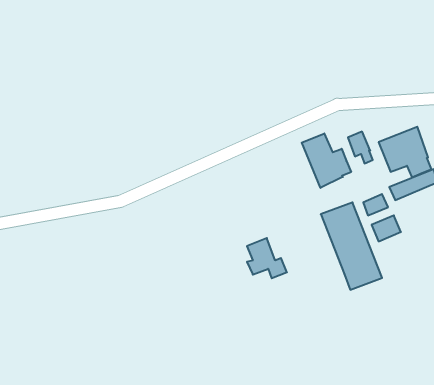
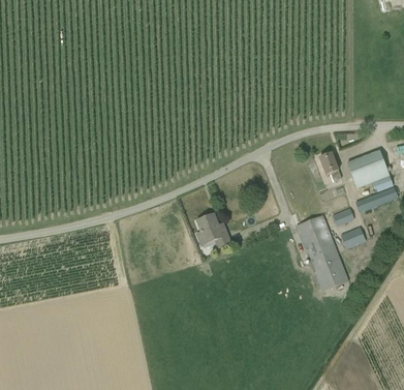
building: [302,133,351,188] -> none
building: [247,238,287,278] -> [196,212,231,247]

